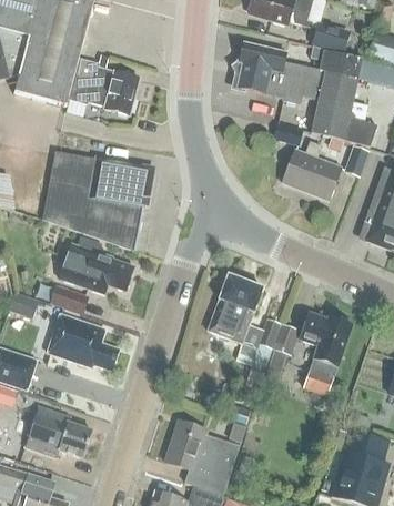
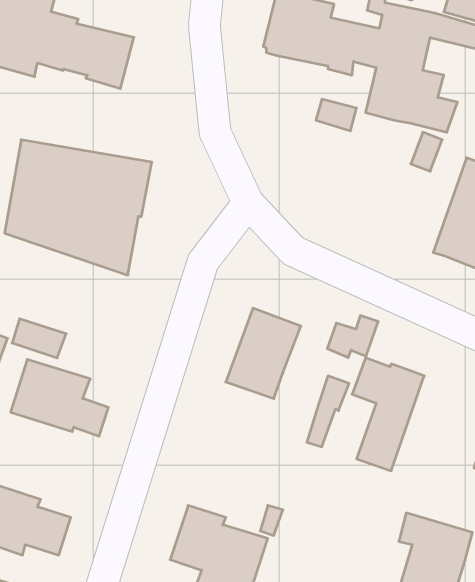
building: [282,142,342,200] -> none
building: [58,236,133,294] -> none
building: [242,318,280,350] -> [327,316,378,358]

